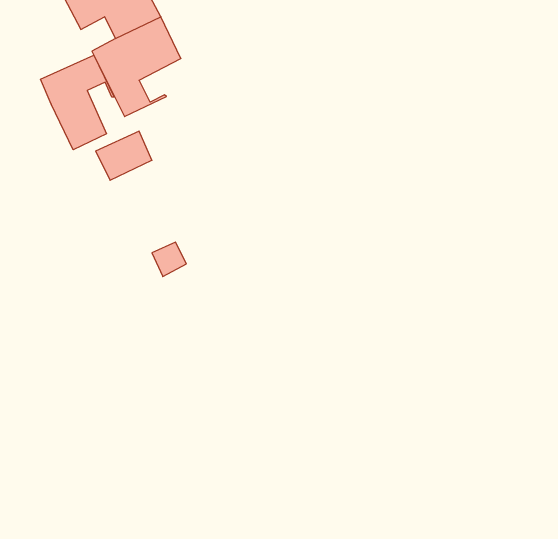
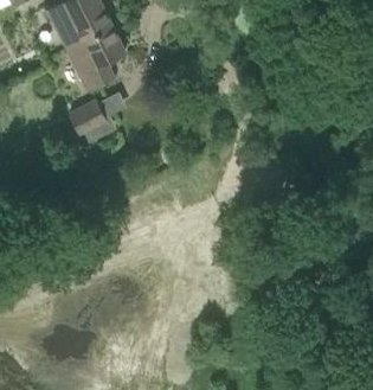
building: [41,55,114,150] -> none

